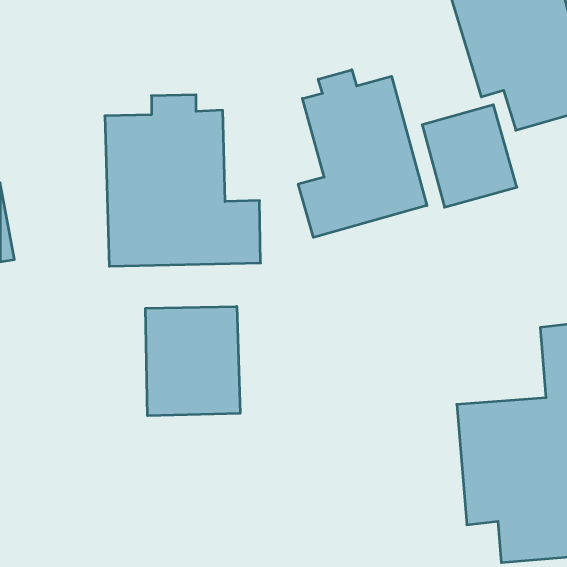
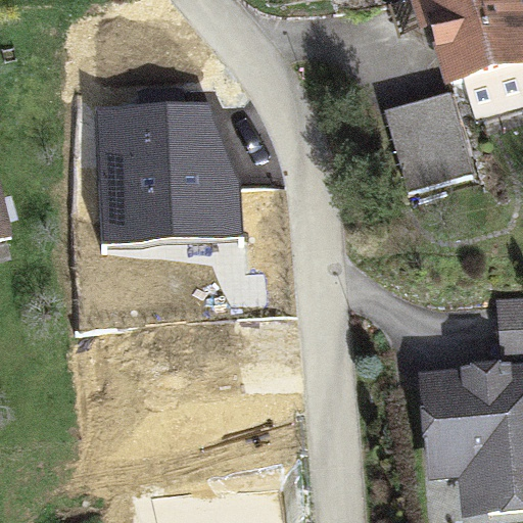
building: [298,70,427,237] -> none
building: [146,306,240,416] -> none

